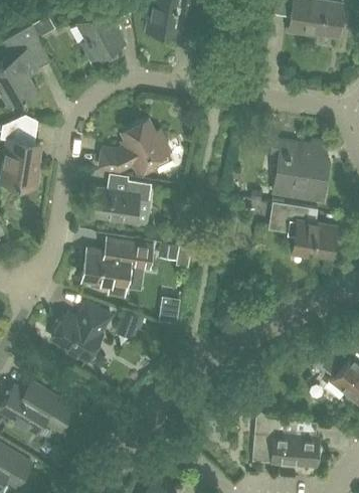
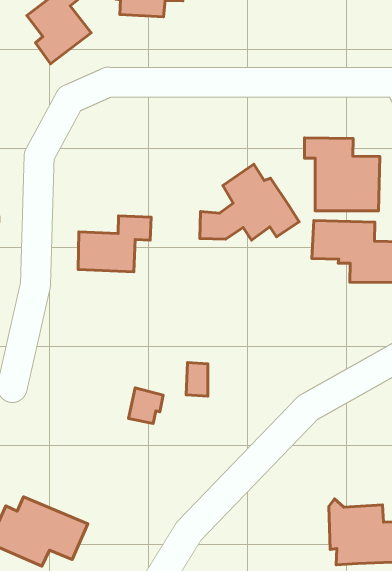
building: [101,118,176,174] -> [200,164,299,240]
building: [83,239,152,298] -> none
building: [52,302,111,360] -> none

